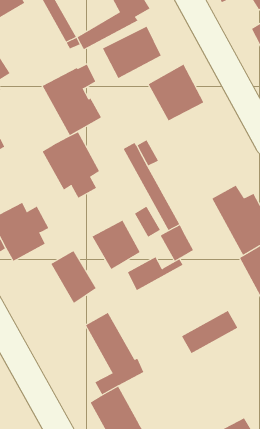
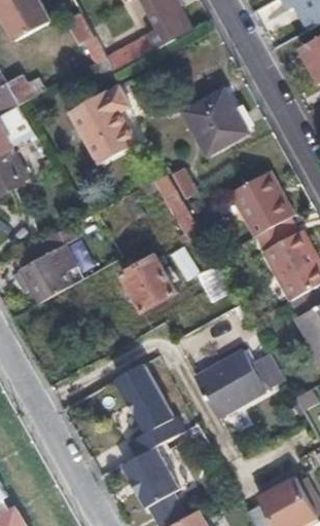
building: [102,26,162,79] -> none
building: [42,132,100,198] -> none
building: none -> [232,170,295,236]
building: [50,250,97,304] -> none
building: [127,257,183,291] -> [212,351,275,389]

